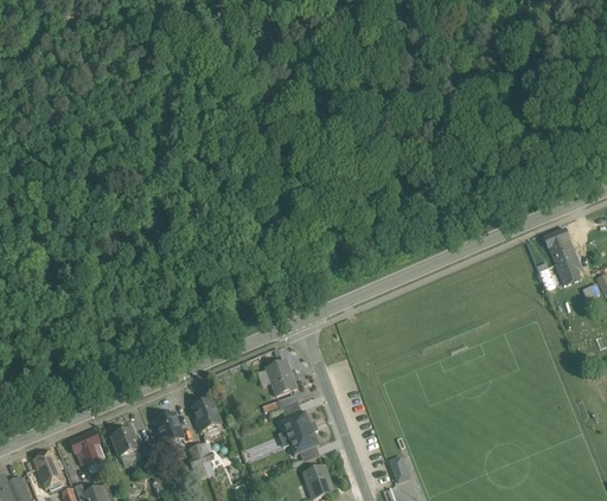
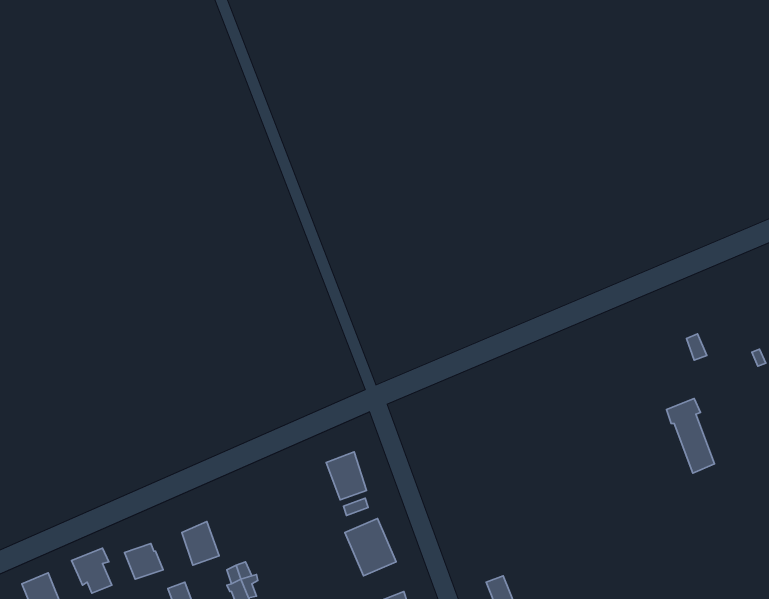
building: [544,229,581,285] -> [666,399,715,473]
building: [192,399,222,431] -> none

